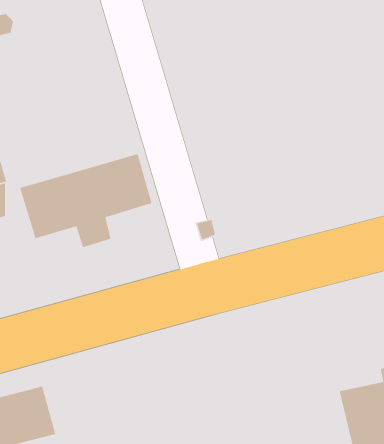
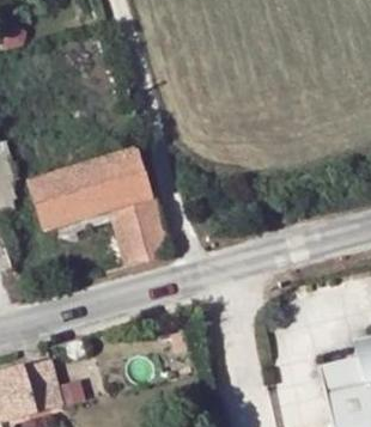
building: none -> [108,193,172,266]

